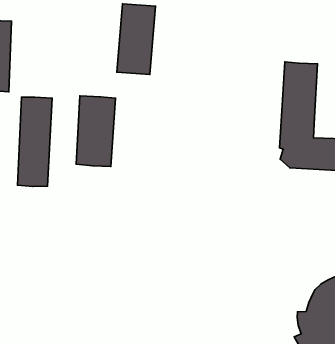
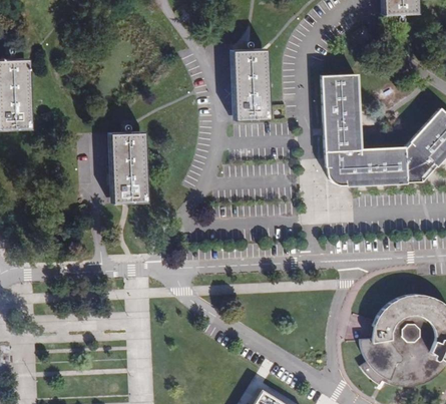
building: [117,4,155,74] -> [233,47,269,121]
building: [18,97,52,186] -> none

